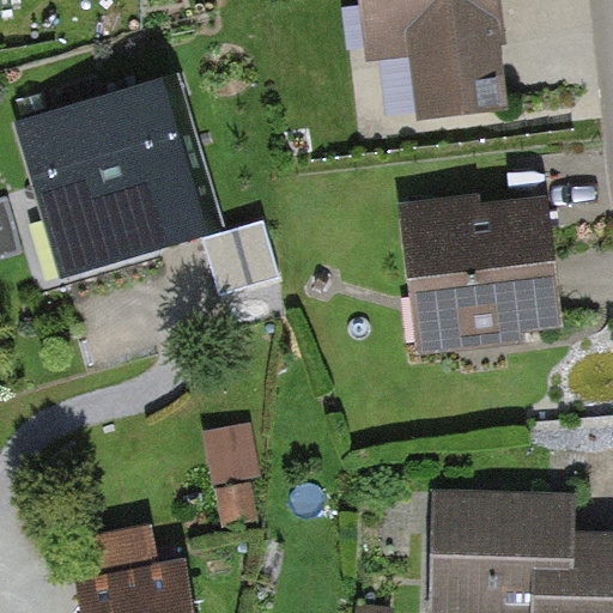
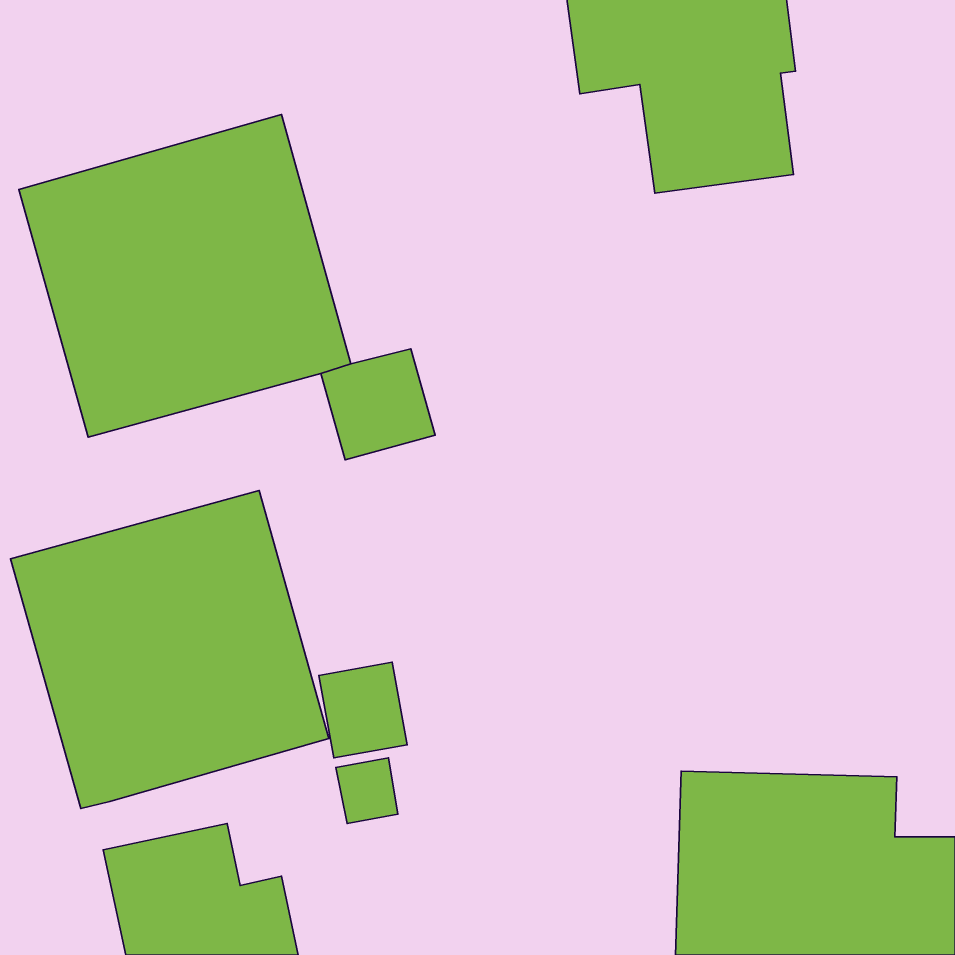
building: [399,194,562,356] -> none
building: none -> [10,491,329,809]

